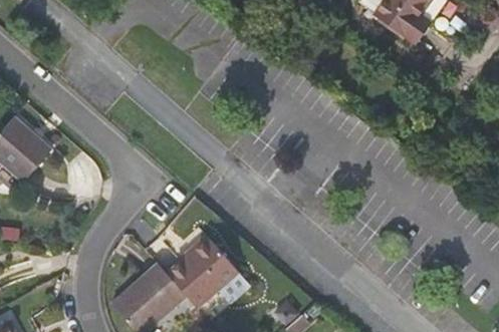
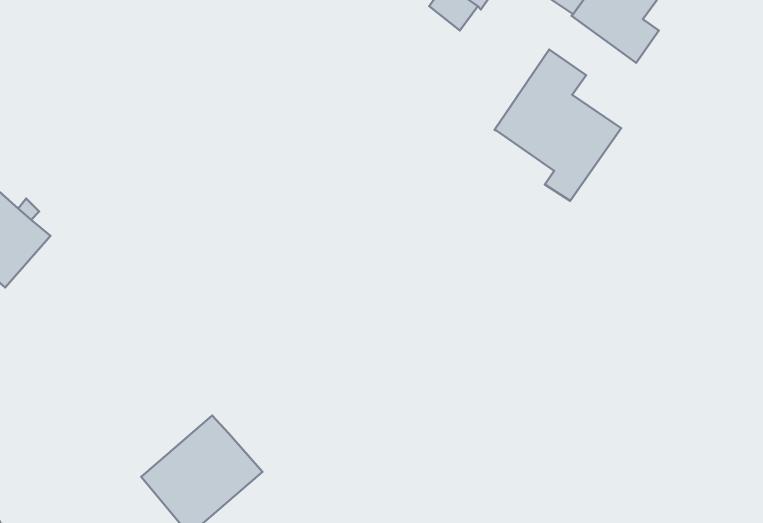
building: none -> [495,49,621,201]
building: [163,238,237,309] -> none

